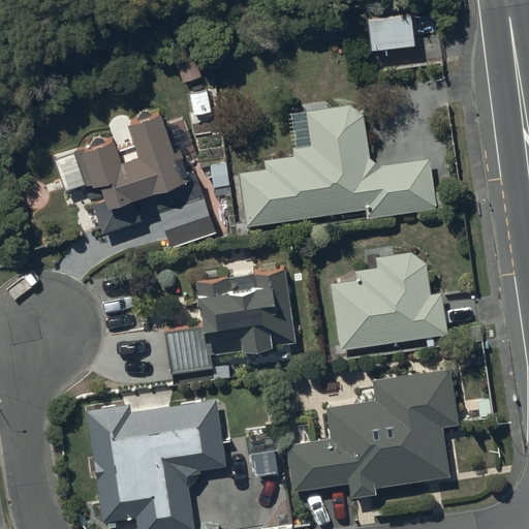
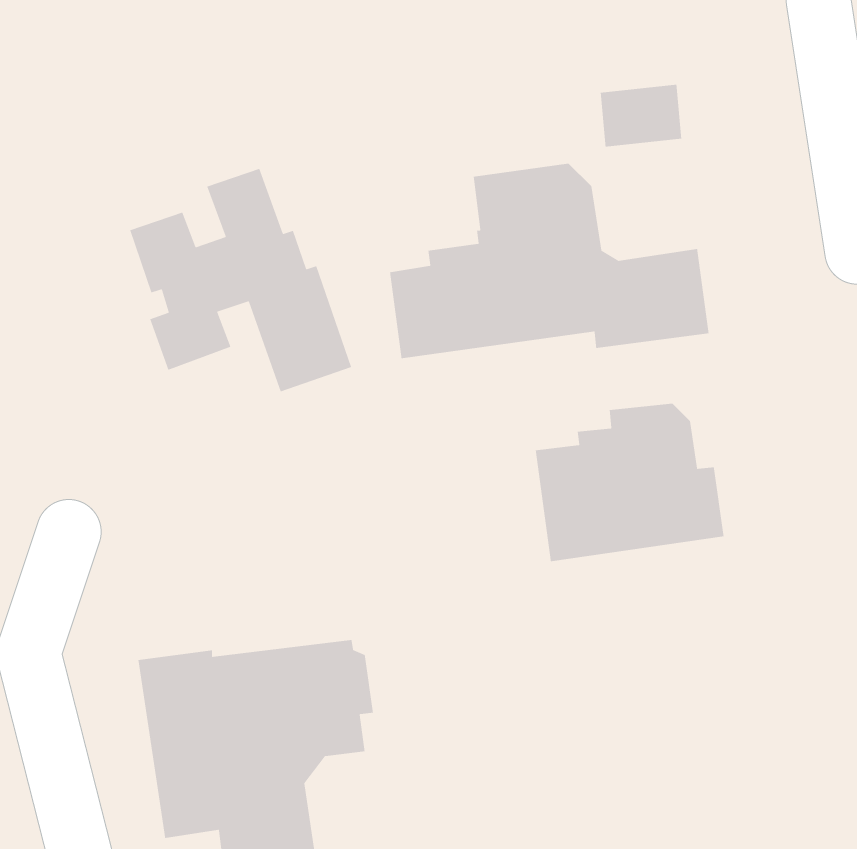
building: [366,11,416,51] -> [600,84,682,147]
building: [164,269,297,387] -> none
building: [286,370,457,496] -> none

